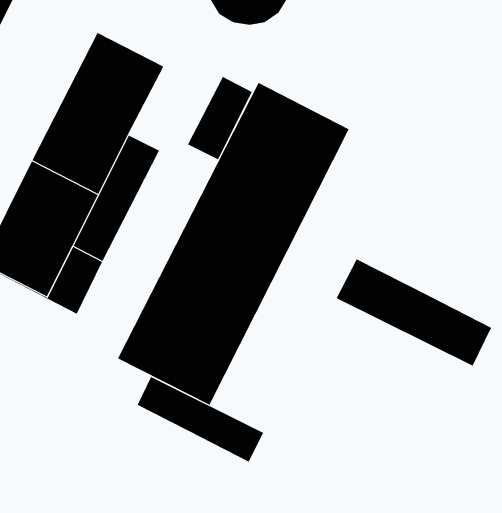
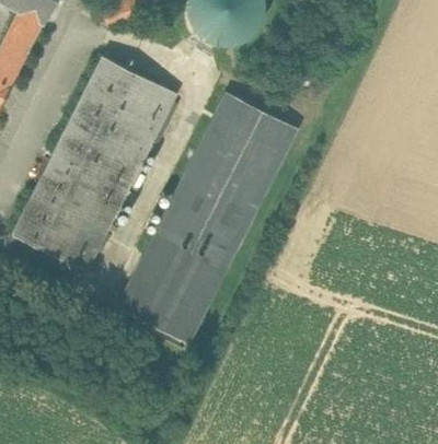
building: [187,76,253,160] -> [127,81,177,145]
building: [336,258,492,367] -> none
building: [137,376,264,462] -> none

